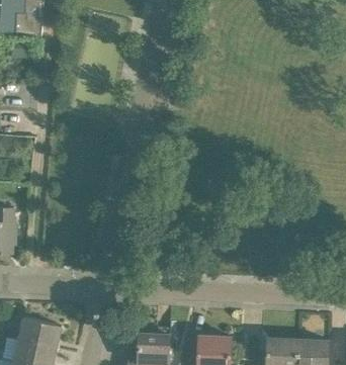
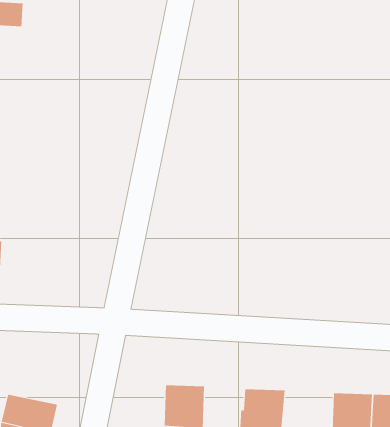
building: [18,316,61,347] -> none

